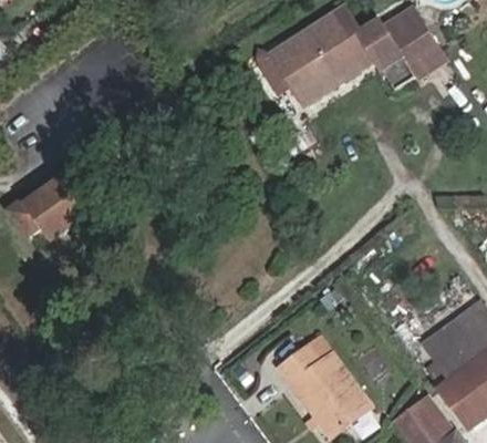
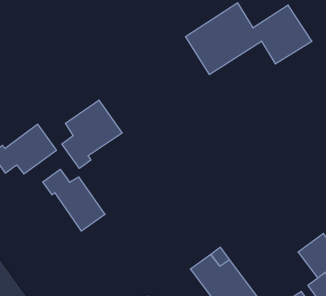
building: none -> [62,100,122,168]
building: none -> [43,169,105,231]

